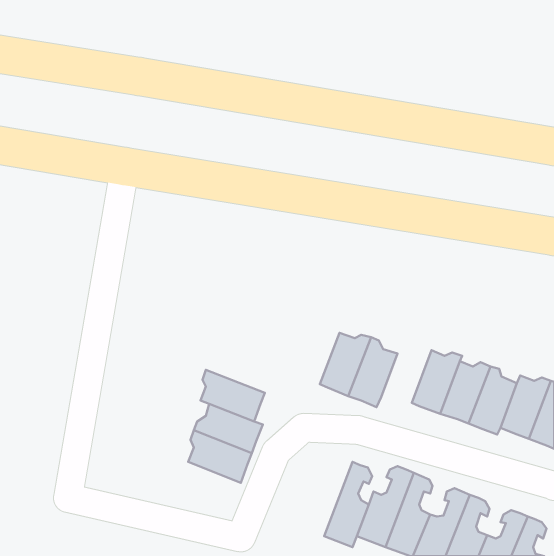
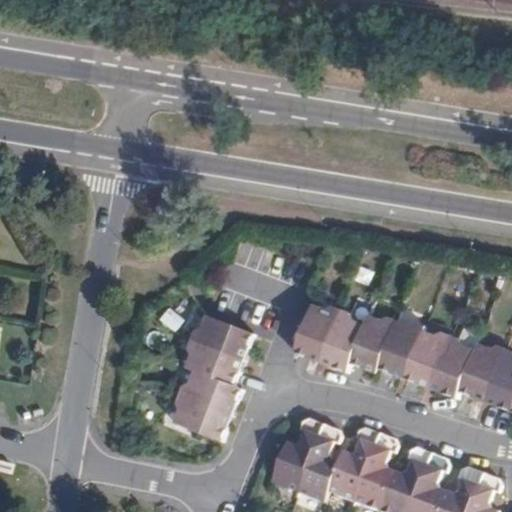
building: none -> [188,314,252,359]
building: none -> [348,315,394,368]
building: none -> [269,417,322,490]

